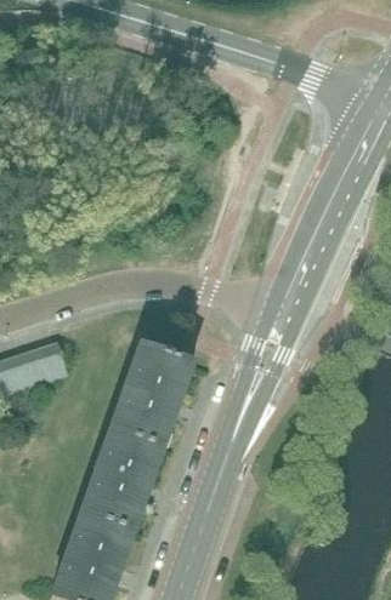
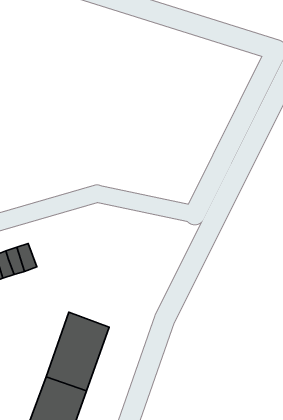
building: [108,347,191,451] -> none

